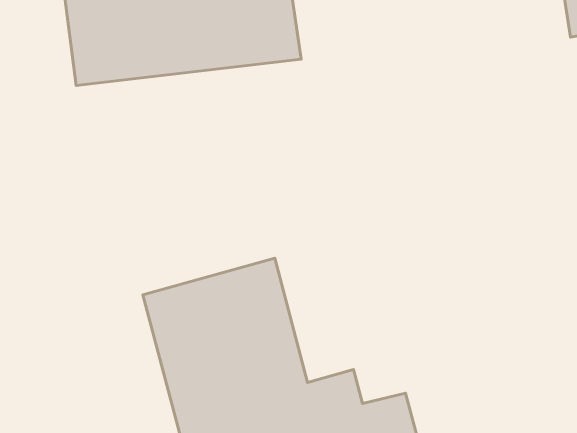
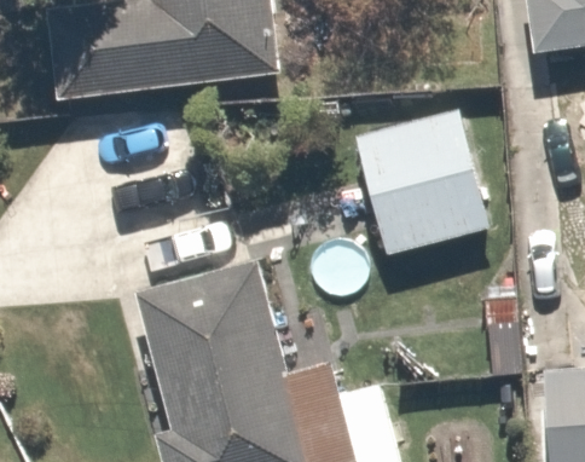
building: none -> [352,108,488,256]

